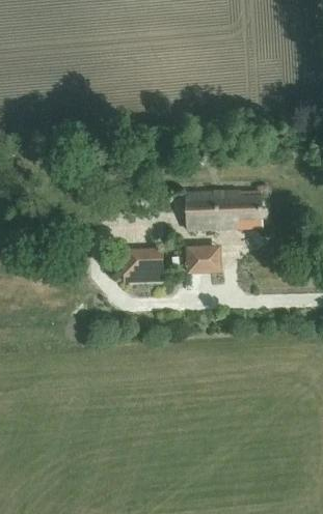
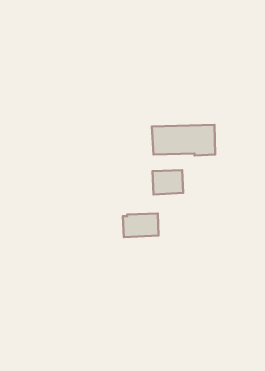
building: [120,249,163,277] -> [123,214,159,237]

